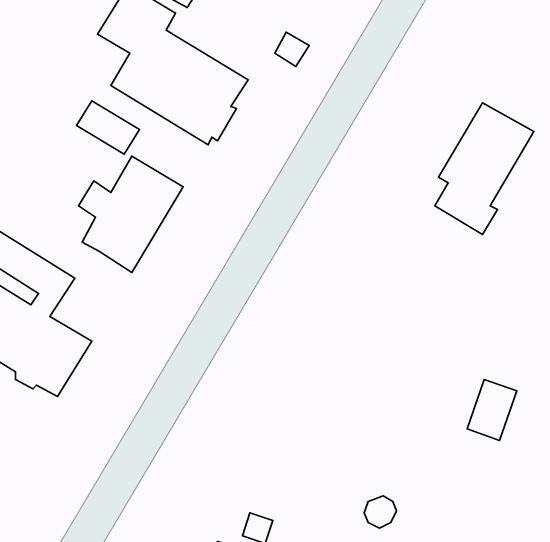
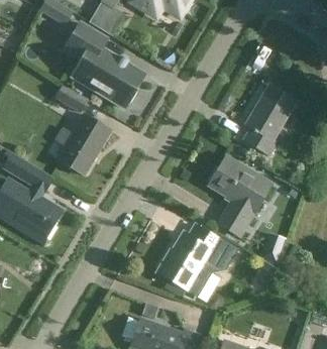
building: none -> [209,156,271,235]
building: none -> [157,224,237,296]

